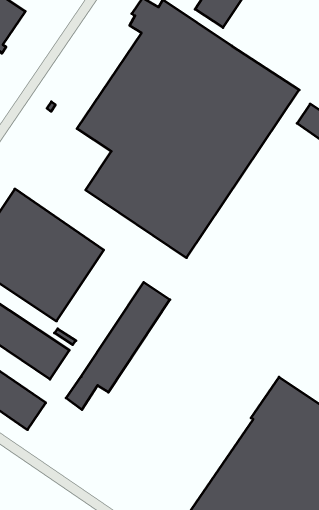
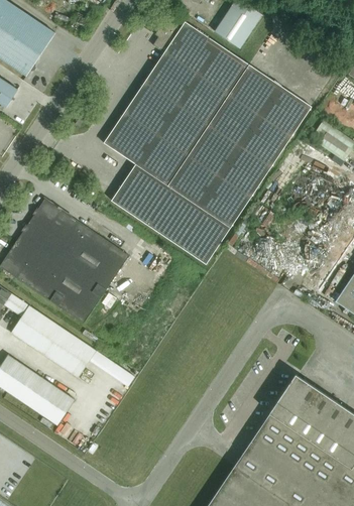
building: [66,282,170,410] -> none

